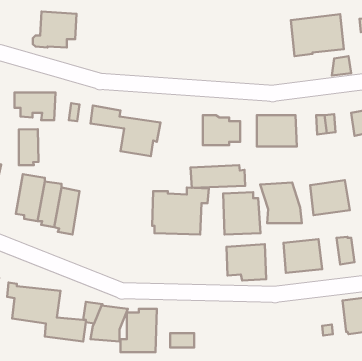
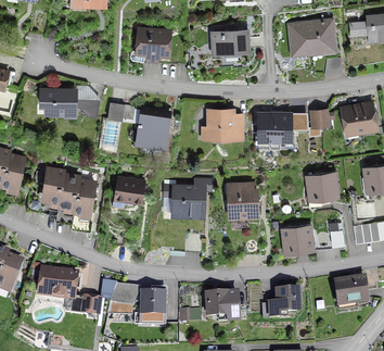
building: [33,12,76,48] -> [130,29,169,62]
building: none -> [210,30,248,53]
building: [19,129,38,165] -> none
building: [191,165,245,188] -> none
building: [260,183,302,223] -> none
building: none -> [113,174,146,208]
building: [226,244,266,280] -> [205,289,241,322]
building: none -> [268,286,303,318]

